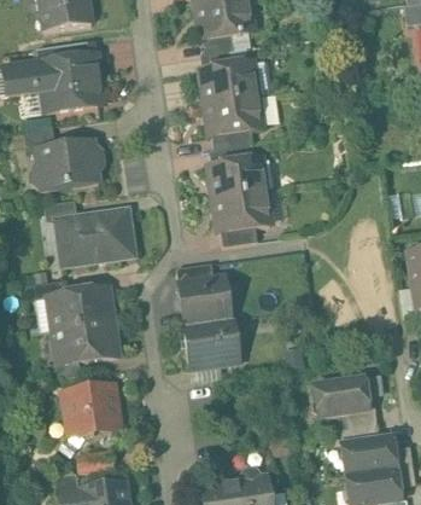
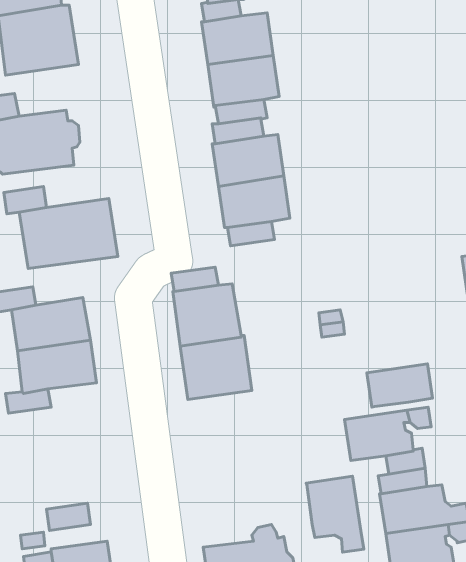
building: none -> [367,364,432,407]
building: [62,384,118,434] -> none
building: none -> [306,476,364,552]

